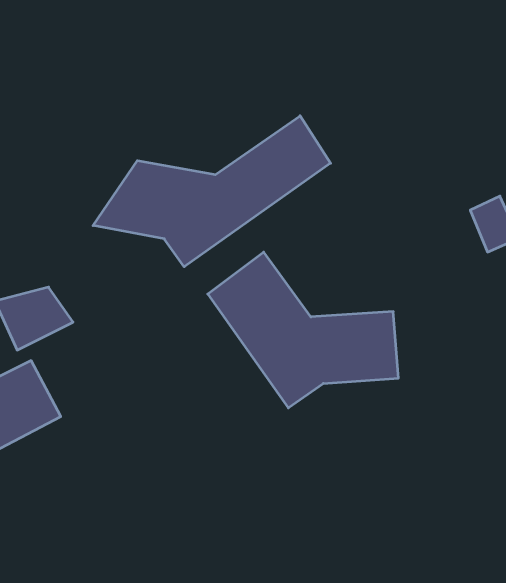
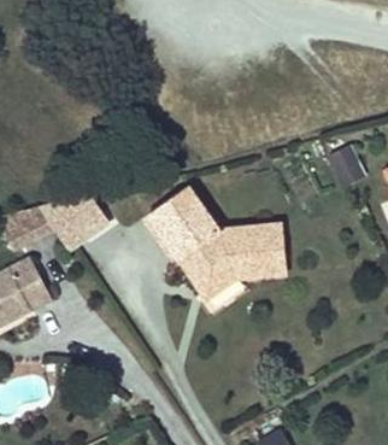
building: [93,116,331,267] -> none
building: none -> [40,194,108,250]

